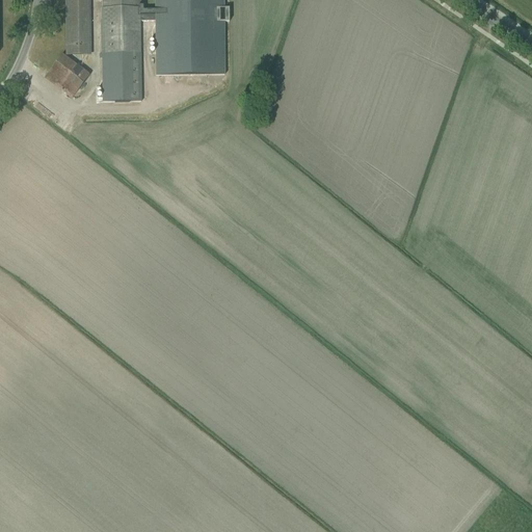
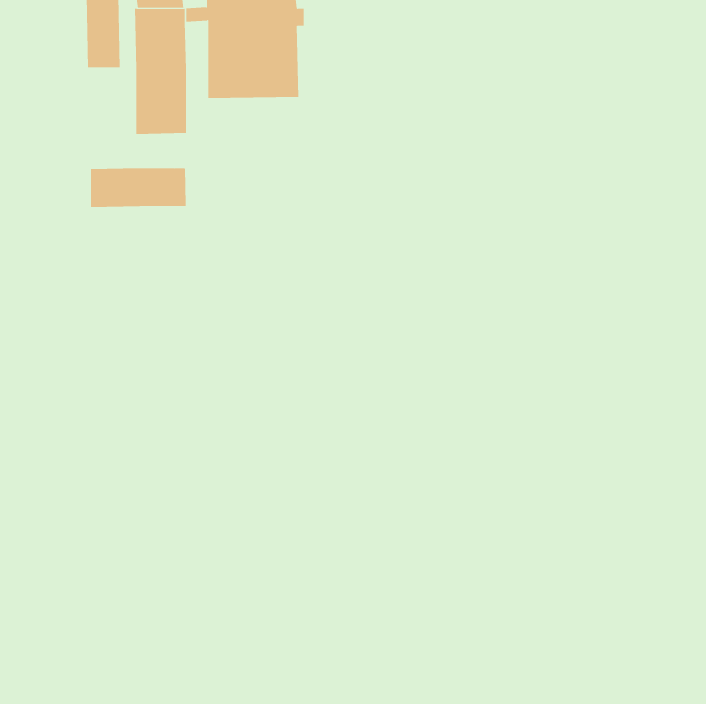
building: [45,52,90,97] -> none
building: none -> [90,167,186,208]

